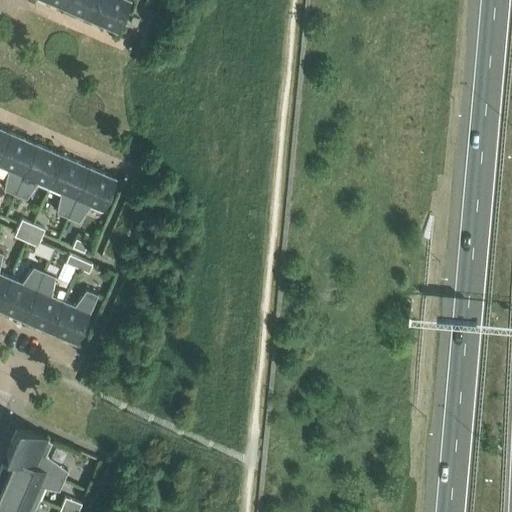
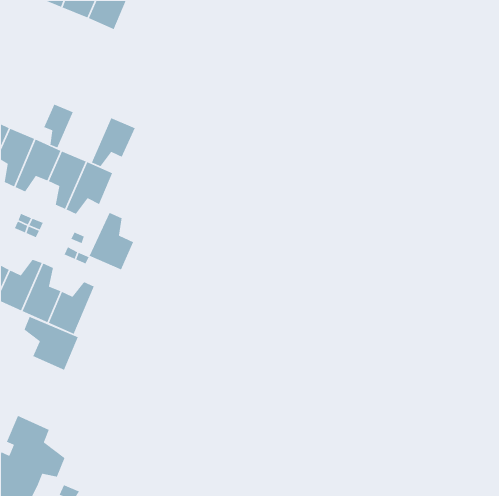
building: none -> [43,103,74,148]
building: none -> [91,117,136,167]
building: none -> [89,212,134,271]
building: none -> [23,316,79,371]

